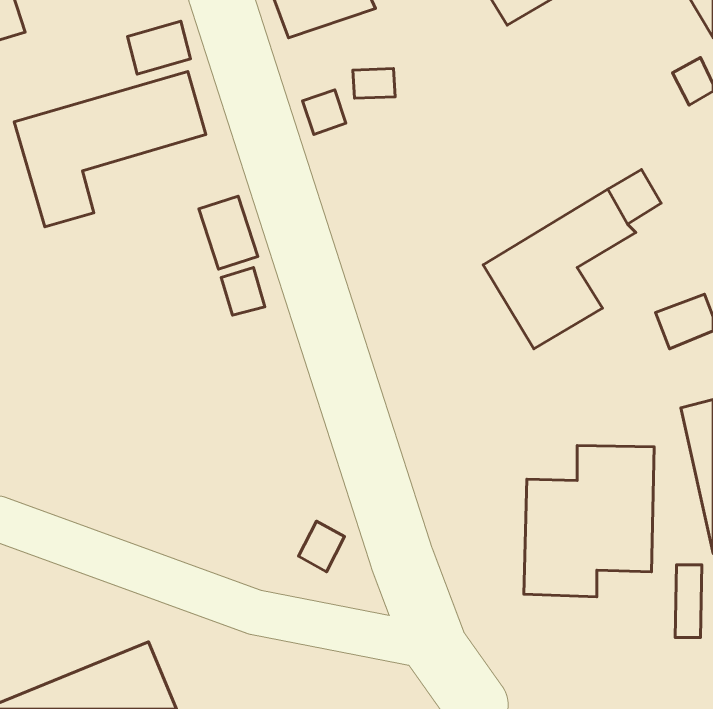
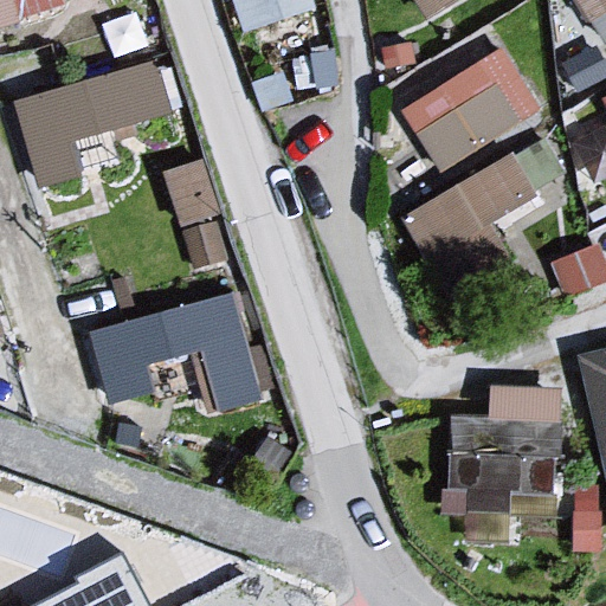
building: none -> [407,54,537,169]
building: none -> [91,294,265,412]

